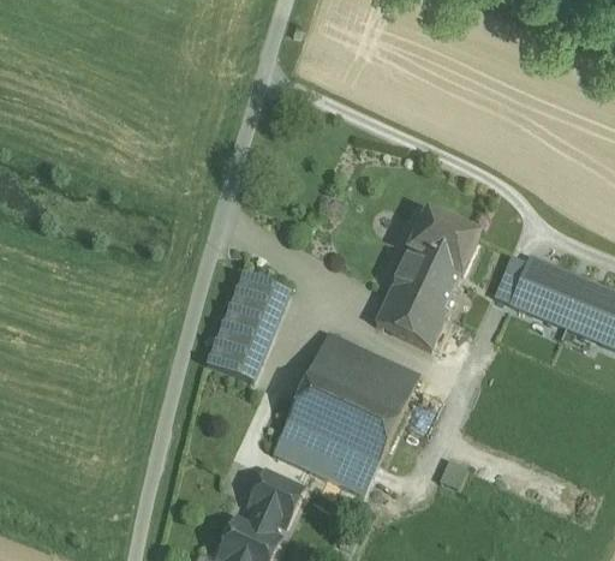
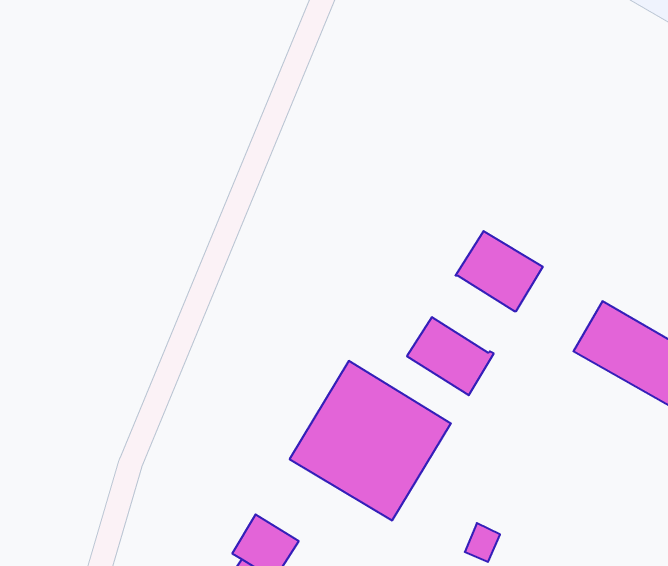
building: [390,251,459,312] -> none
building: [207,274,287,382] -> none
building: [271,420,378,495] -> none

